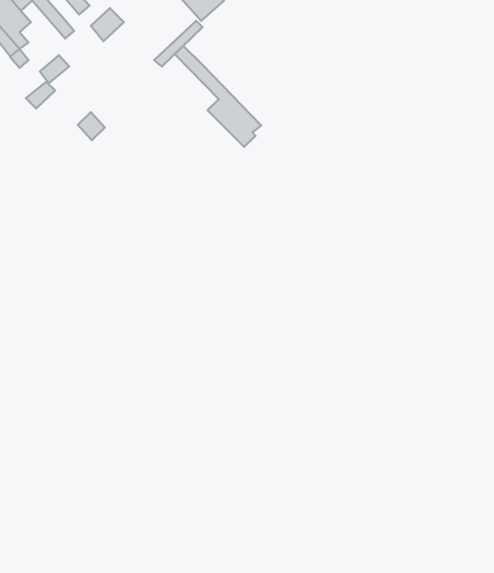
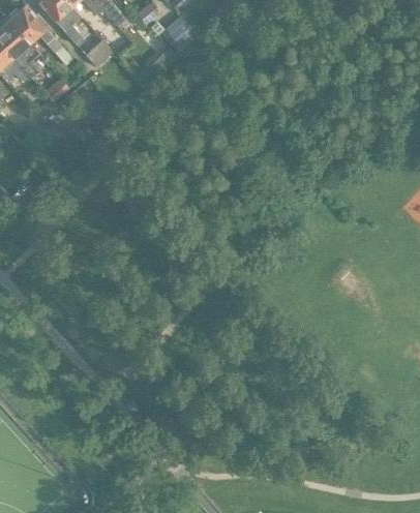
building: [175,46,261,147] -> none

